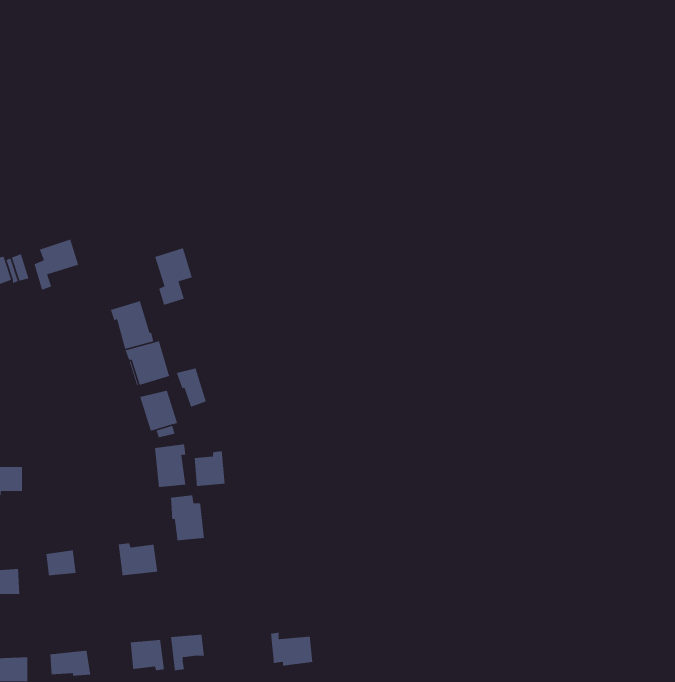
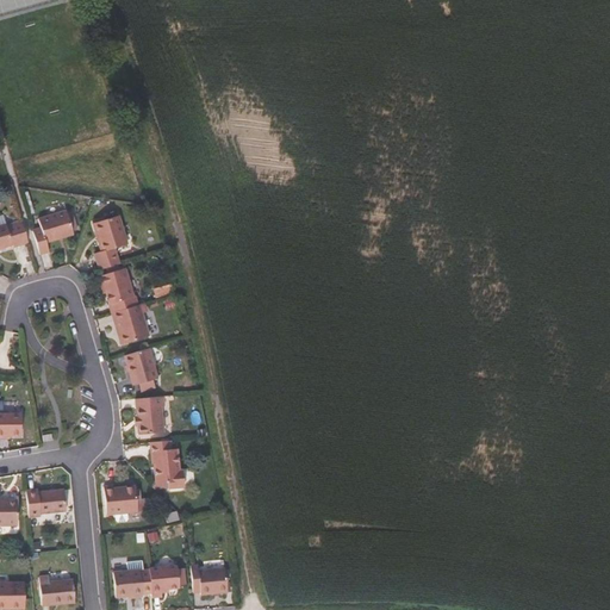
building: [154,247,193,306] -> [91,217,125,269]
building: [176,368,207,408] -> none
building: [194,450,225,487] -> none
building: [270,632,313,667] -> [193,562,231,593]

